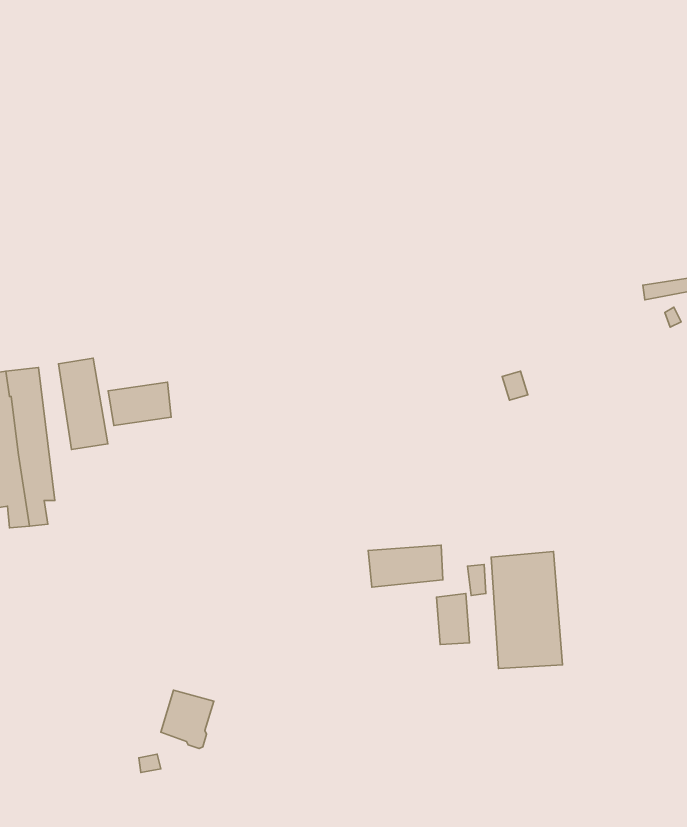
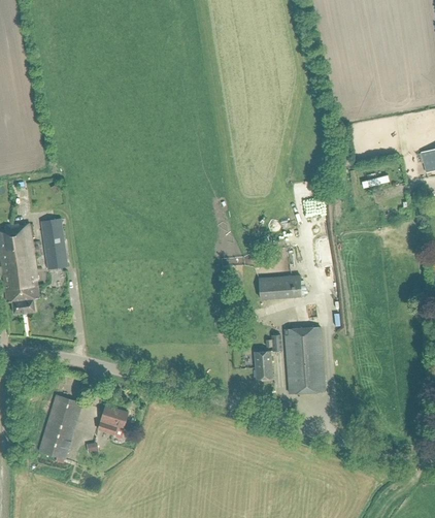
building: [108,382,171,426] -> none
building: [368,545,443,587] -> [259,277,301,300]
building: none -> [38,396,81,459]

